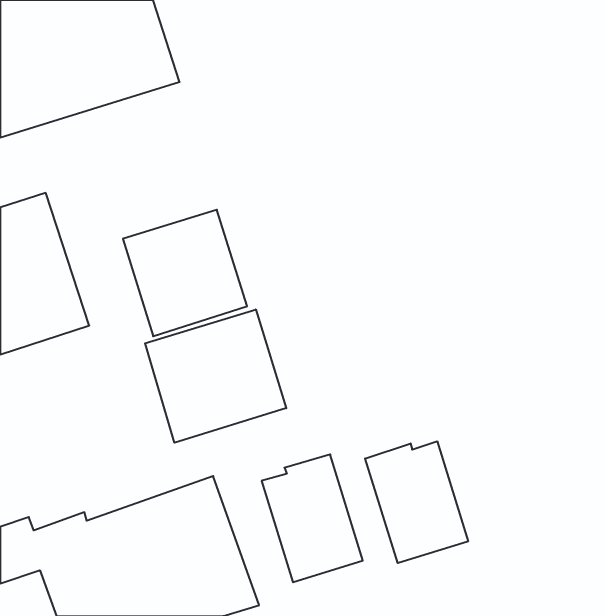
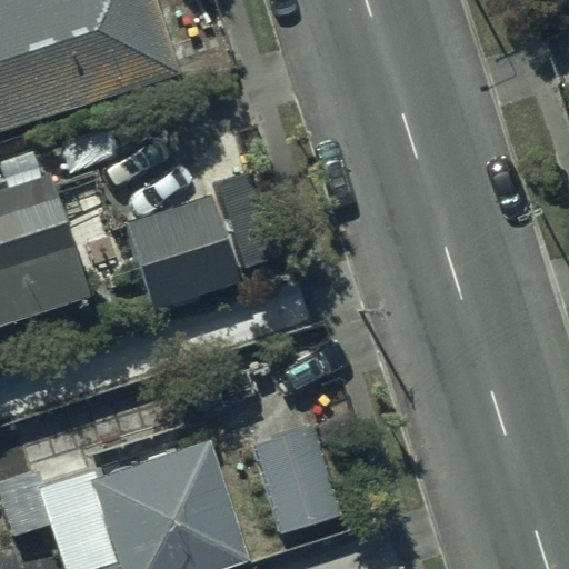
building: [145,309,286,443] -> none
building: [365,441,468,563] -> none

